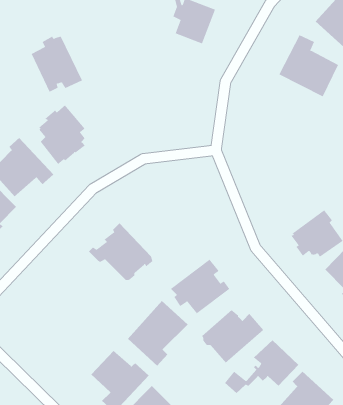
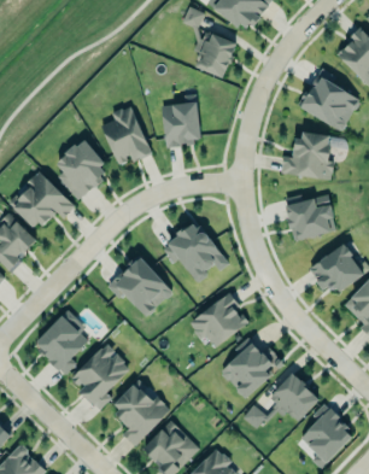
building: [31,36,83,93] -> [100,106,152,163]
building: none -> [160,101,200,146]
building: none -> [281,130,334,179]
building: none -> [285,193,335,239]
building: none -> [163,222,229,281]
building: none -> [34,309,89,374]
building: [127,300,188,367] -> [69,343,130,409]

